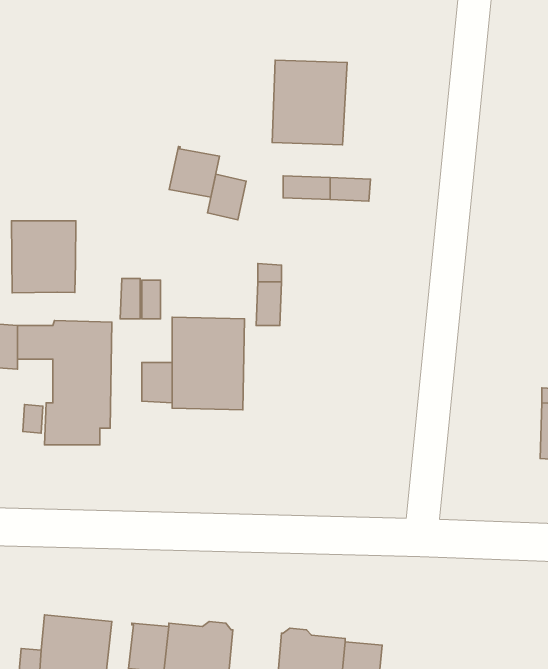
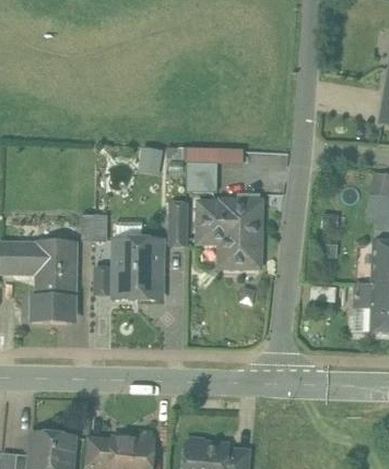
building: [272,60,347,145] -> none
building: [169,146,220,197] -> none
building: none -> [186,160,217,190]
building: [12,221,76,293] -> none
building: none -> [198,200,260,266]

